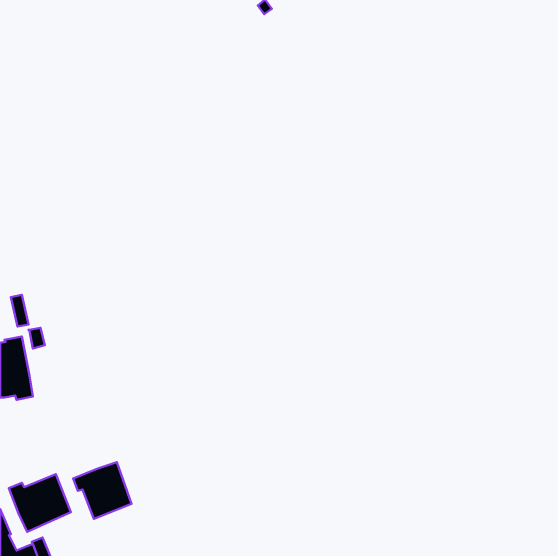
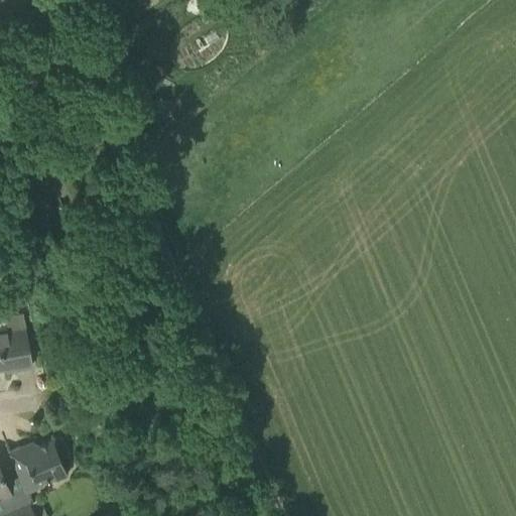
building: [73,462,132,519] -> none

